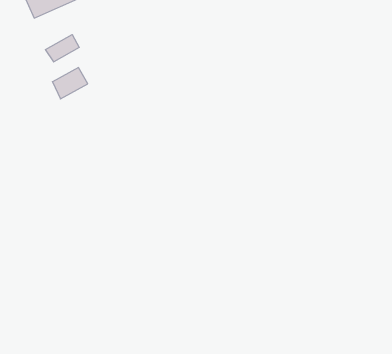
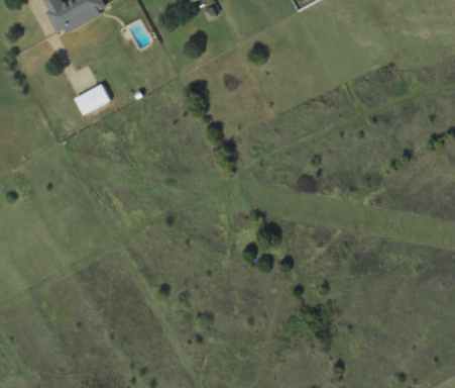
building: [45,35,79,62] -> none

